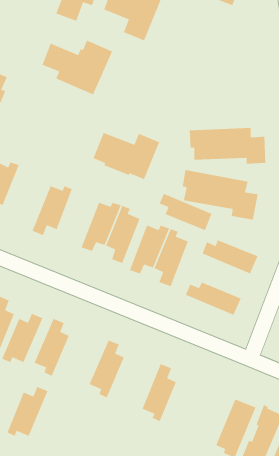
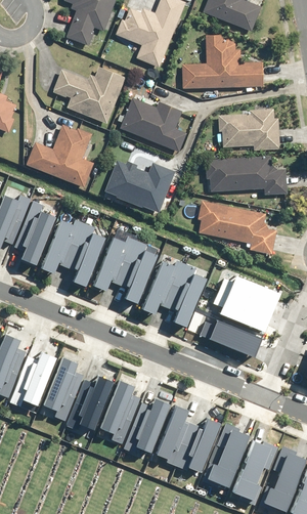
building: none -> [183,35,264,88]
building: none -> [122,99,188,153]
building: none -> [218,111,280,151]
building: none -> [26,124,95,188]
building: none -> [14,202,51,263]
building: none -> [69,222,105,284]
building: [159,193,213,231] -> [214,290,270,330]
building: none -> [126,397,169,449]
building: none -> [176,417,220,469]
building: [6,386,49,437] -> [69,375,113,428]
building: none -> [205,431,248,483]

